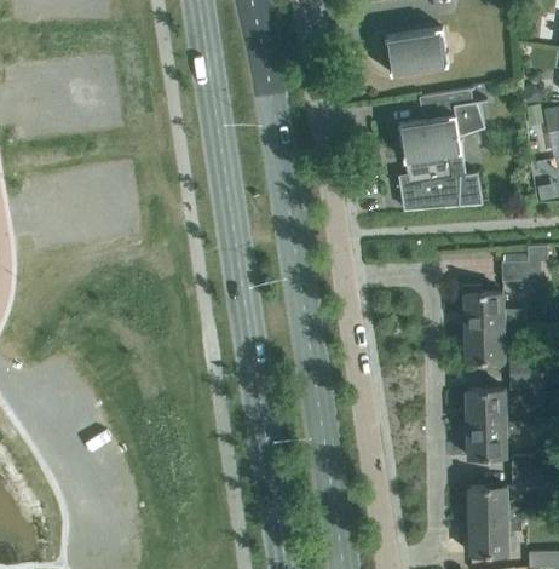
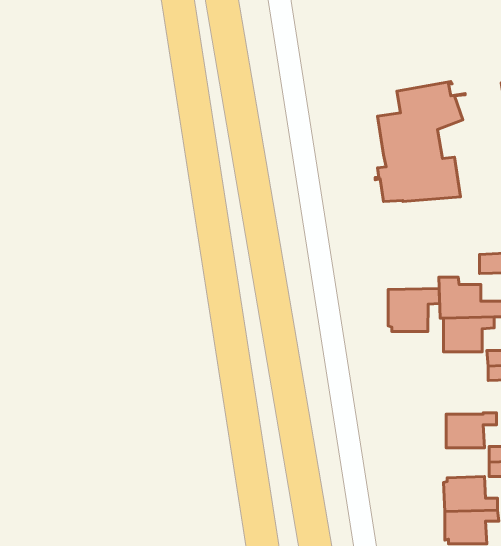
building: [386,28,449,75] -> none
building: none -> [388,289,440,332]
building: [467,390,506,424] -> none

